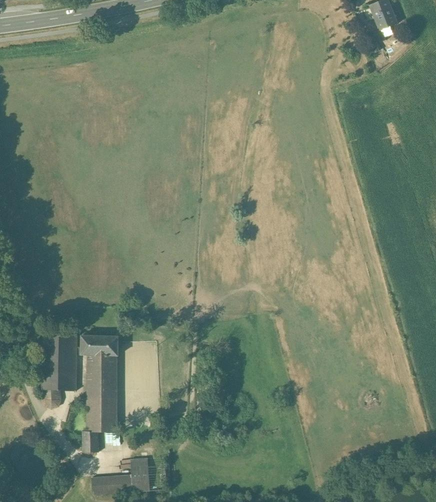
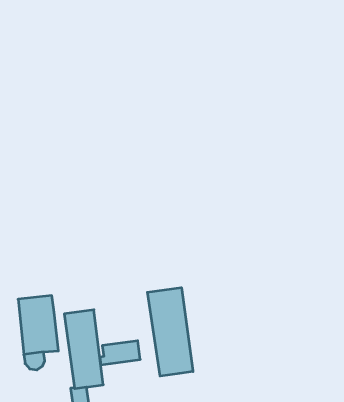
building: [77,335,117,354] -> [100,341,140,365]
building: none -> [147,288,193,376]

